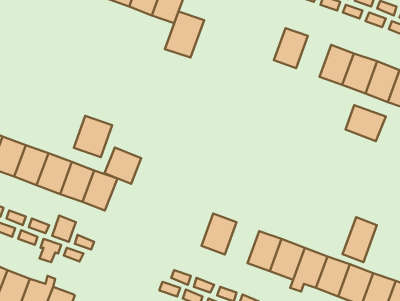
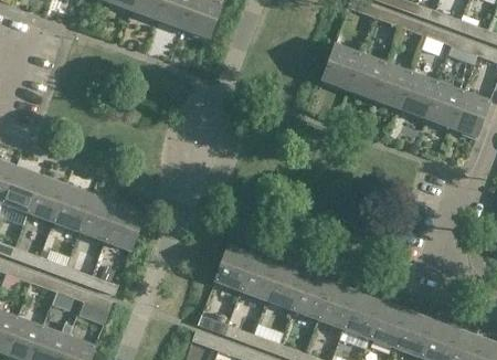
building: [165,11,204,58] -> none
building: none -> [347,53,387,99]
building: [345,105,386,141] -> none
building: [74,116,112,157] -> none
building: [105,147,141,184] -> none
building: none -> [214,245,253,290]
building: [343,217,377,262] -> none
building: none -> [266,264,305,310]

